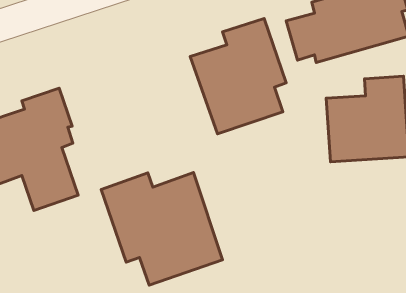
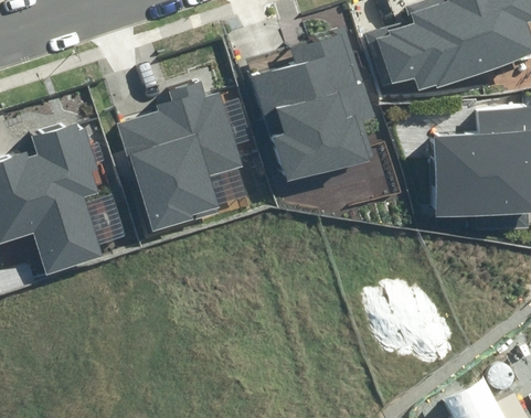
building: none -> [120,83,246,233]
building: [101,172,223,285] -> none

